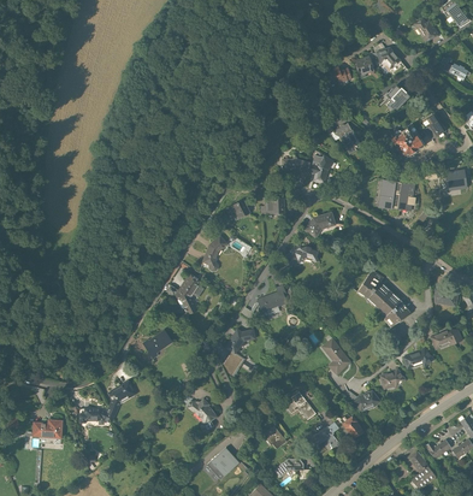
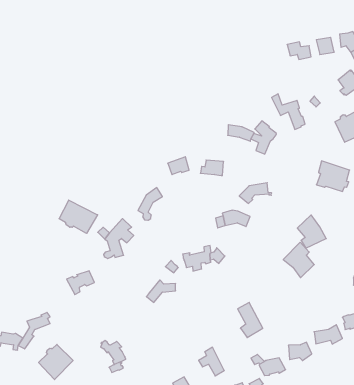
building: none -> [59,200,98,233]
building: [379,288,410,323] -> [297,215,326,248]
building: none -> [39,344,73,380]

